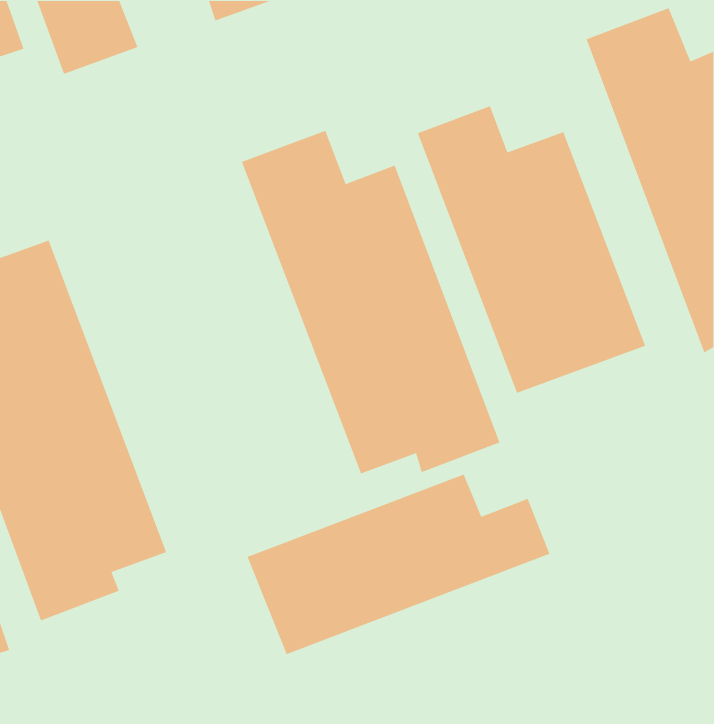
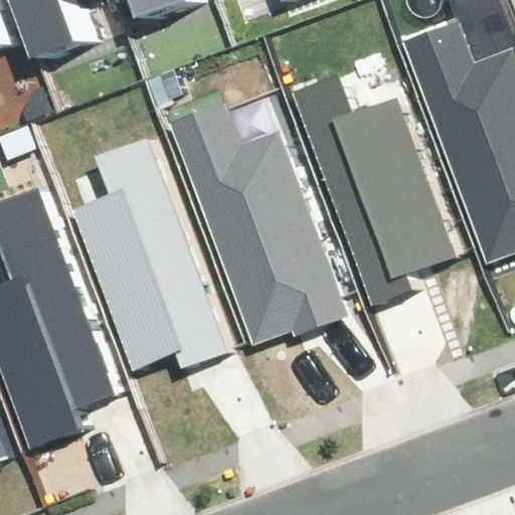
building: none -> [73,139,227,373]
building: [247,473,550,655] -> none

